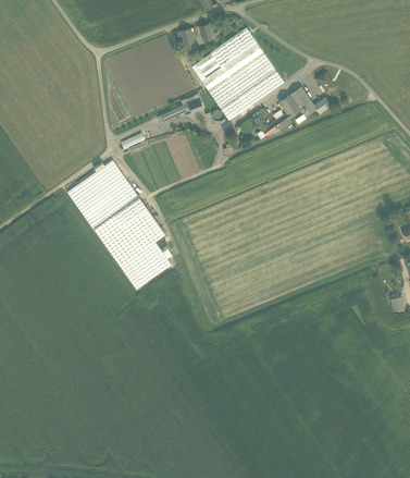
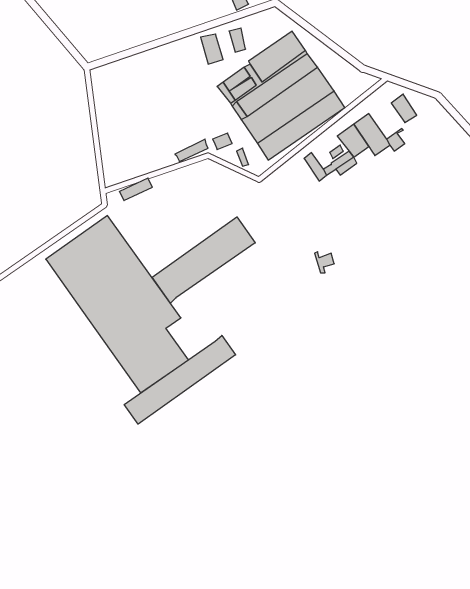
building: none -> [152,217,255,303]
building: none -> [124,335,236,424]

